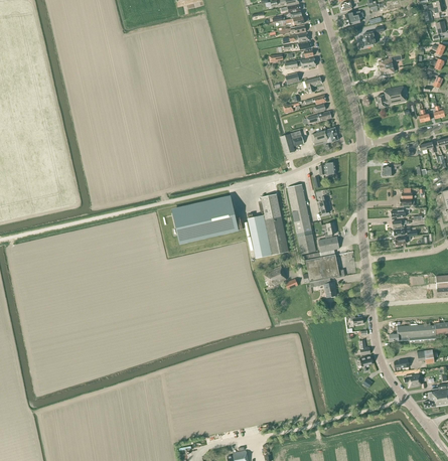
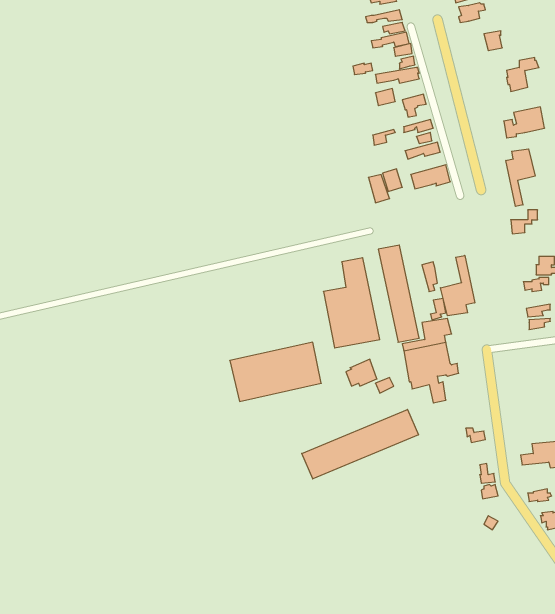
building: none -> [506,149,535,206]
building: none -> [440,255,475,316]
building: [172,200,238,243] -> [230,342,321,401]
building: none -> [302,409,418,479]

